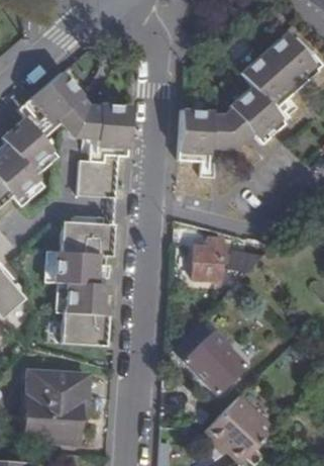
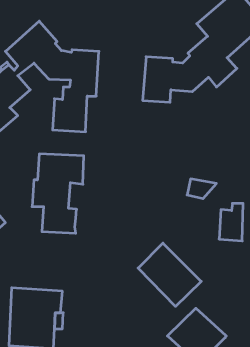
building: [196,238,223,280] -> [219,203,243,241]
building: [62,308,108,343] -> none

